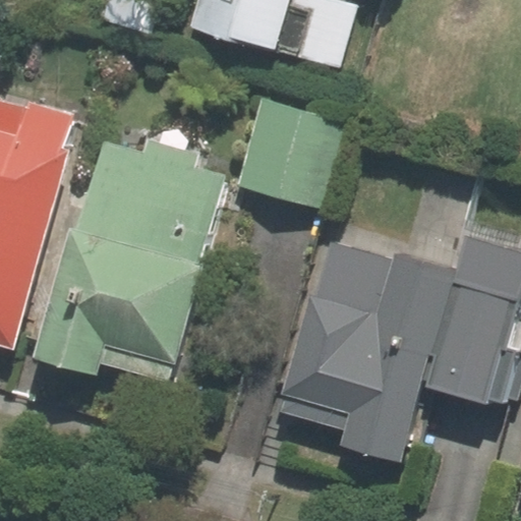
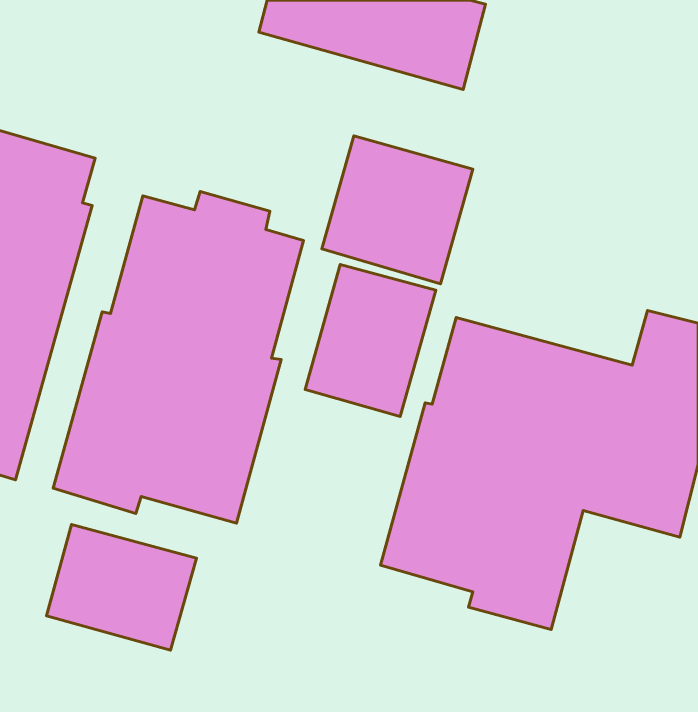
building: none -> [305,265,436,416]
building: none -> [46,525,196,650]

